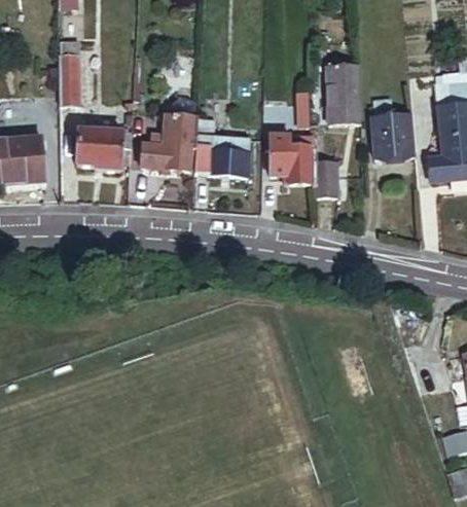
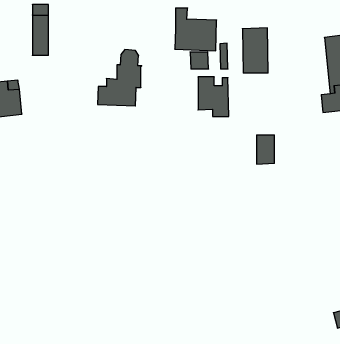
building: [370,114,409,156] -> none
building: [196,119,250,174] -> [175,8,217,51]
building: [78,122,133,170] -> none
building: [312,156,334,193] -> [257,135,274,164]

